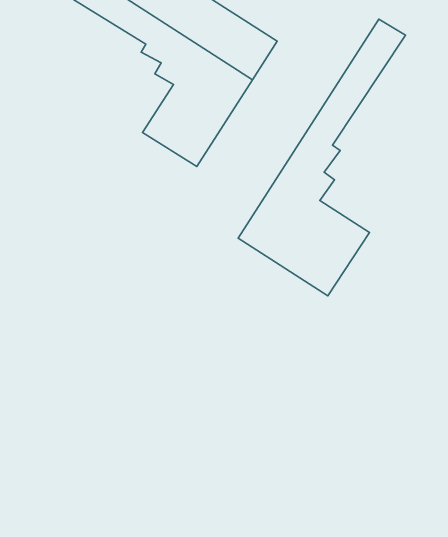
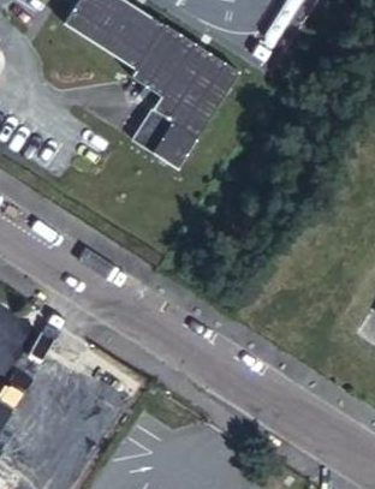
building: [238,19,406,296] -> none

